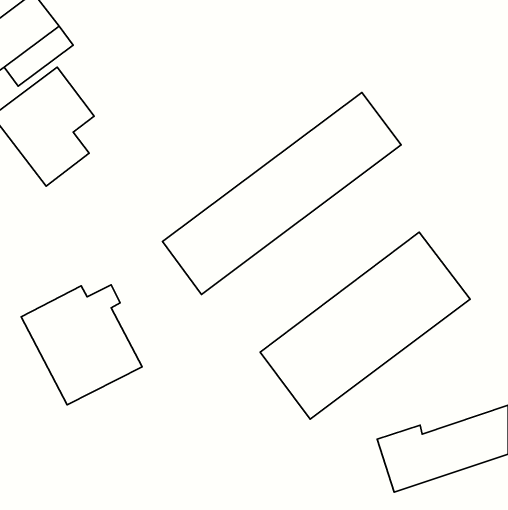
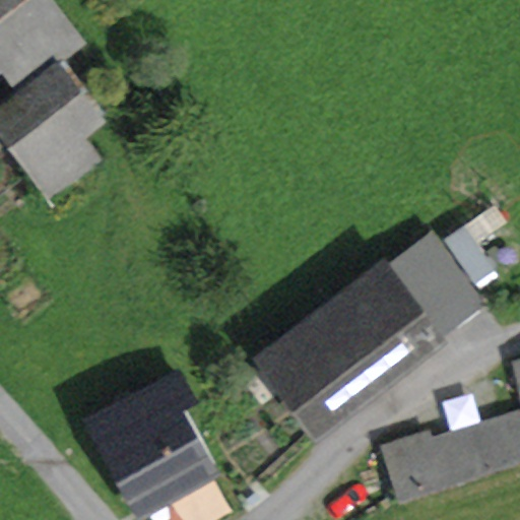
building: [163,93,401,295] -> none
building: [21,285,142,405] -> [89,384,212,506]

